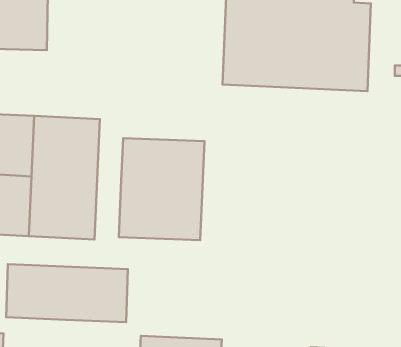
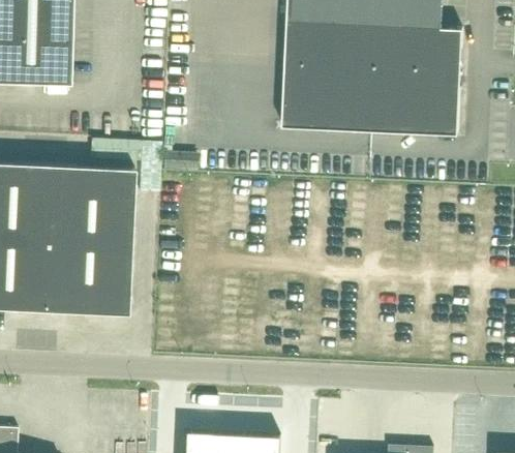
building: [119,138,204,240] -> none
building: [6,264,128,322] -> none

